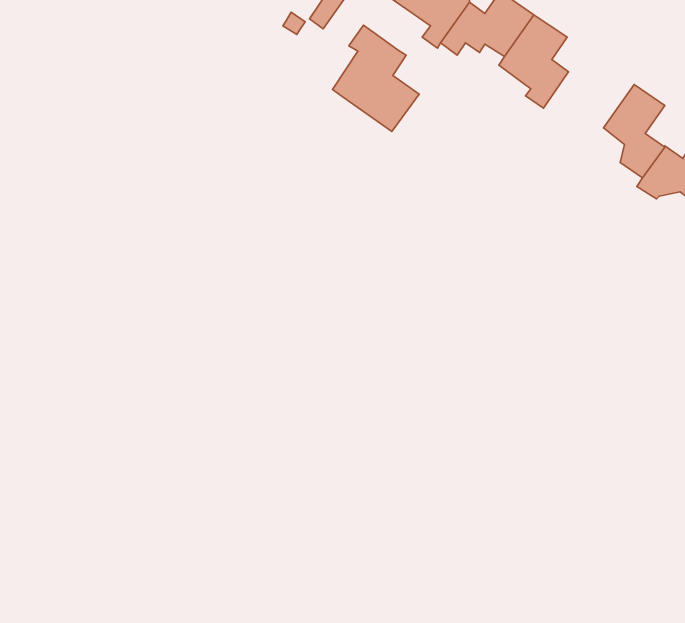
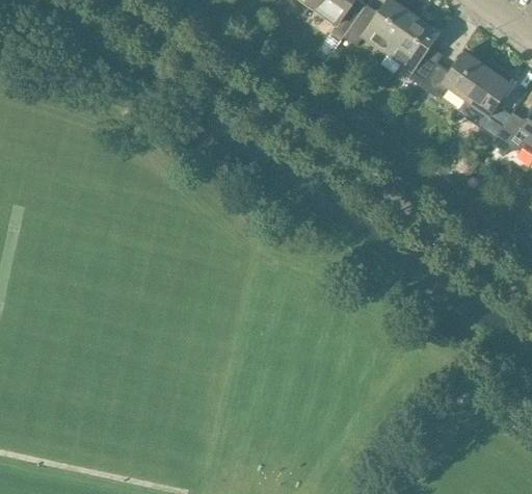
building: [332,25,419,131] -> none
building: none -> [422,51,489,100]

